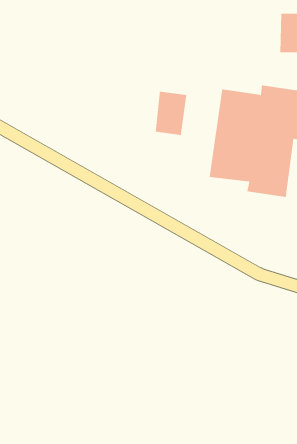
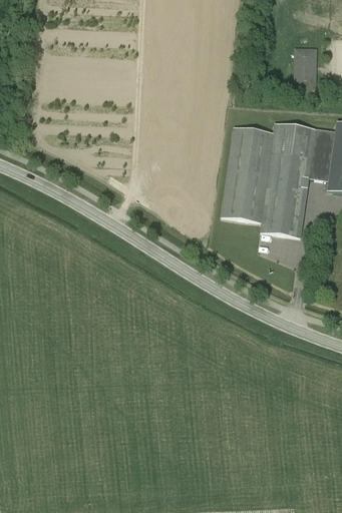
building: [155,91,187,136] -> none

